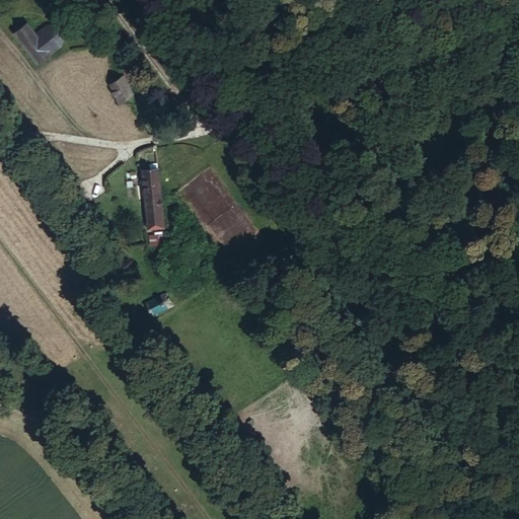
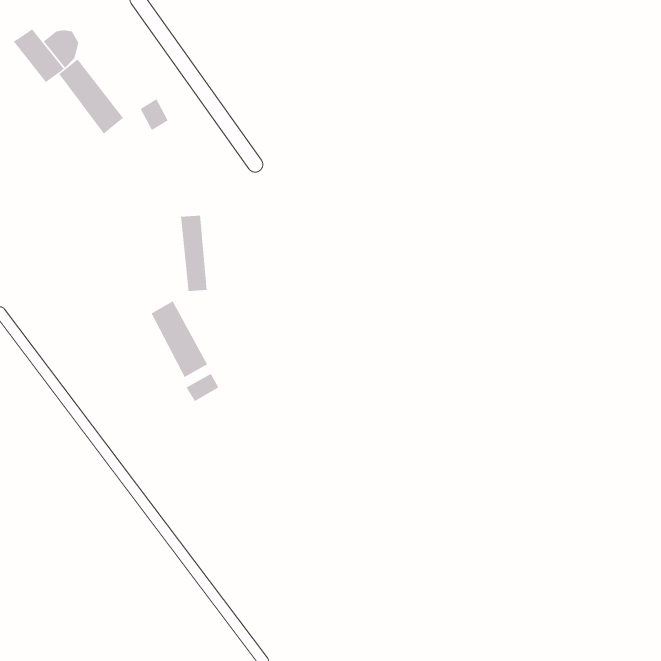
building: none -> [58,59,124,135]
building: none -> [151,301,208,378]

